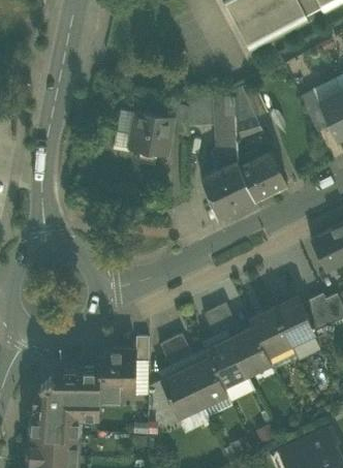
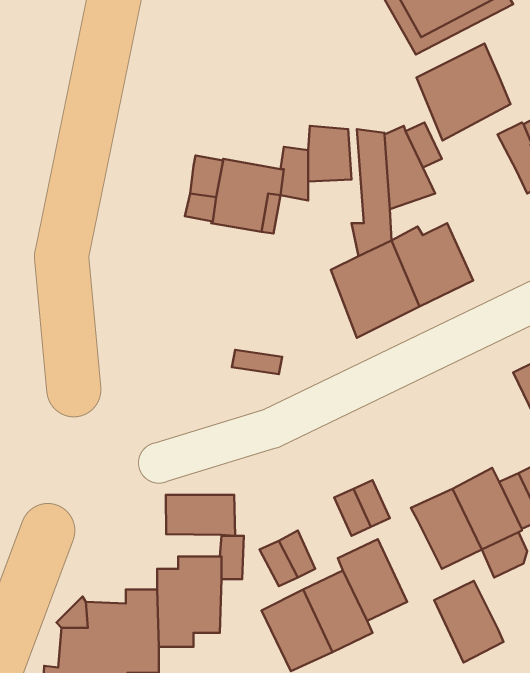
building: none -> [416,43,510,141]
building: none -> [166,495,235,536]
building: [229,329,271,377] -> [434,581,503,663]

